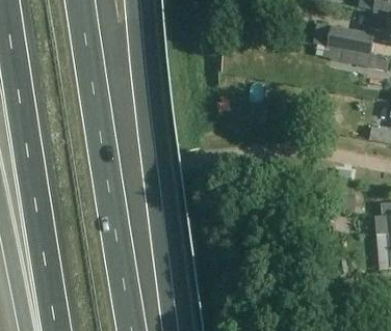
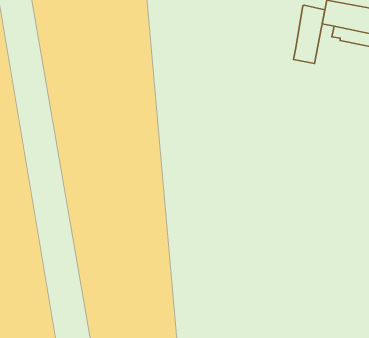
building: none -> [294,5,325,63]

